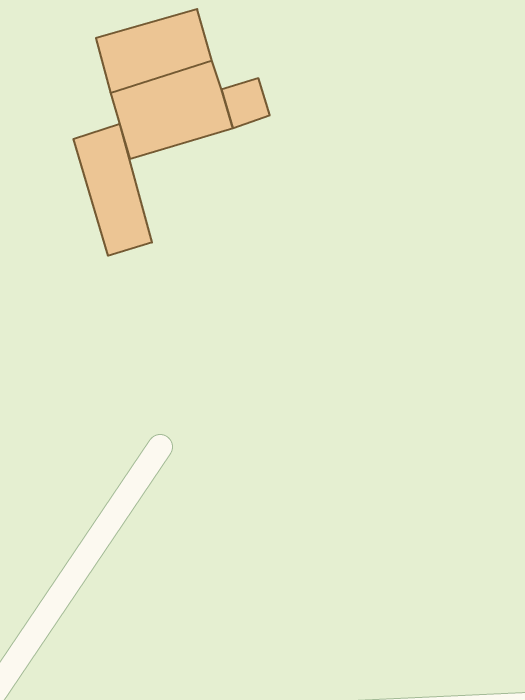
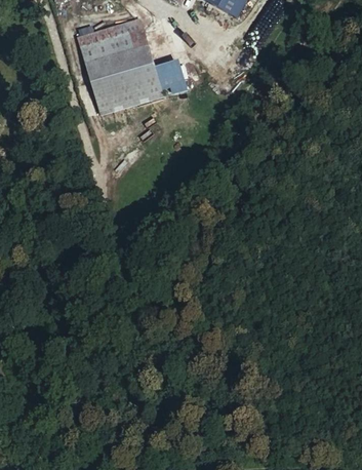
building: [73,124,152,256] -> none

